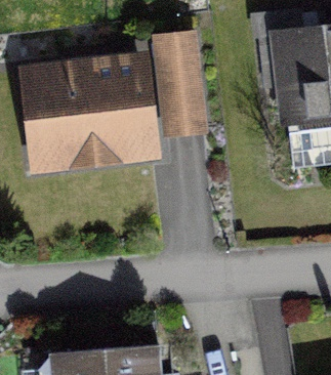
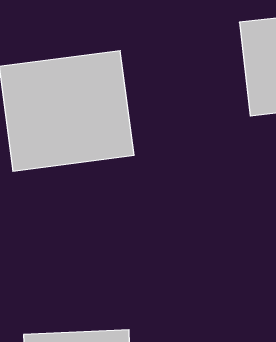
building: [155,33,210,142] -> none

